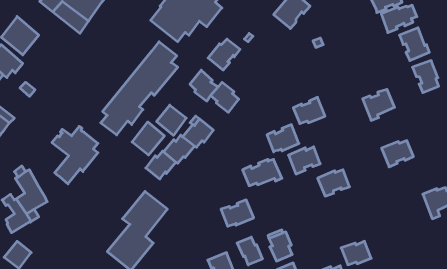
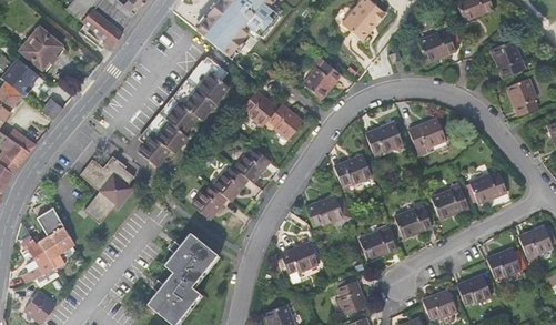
building: [381,5,417,33] -> [418,30,461,62]
building: [208,39,240,70] -> [303,61,341,98]
building: [363,89,395,120] -> [408,118,446,154]
building: [157,105,186,135] -> none
building: [132,122,164,155] -> none
building: [288,147,320,174] -> [358,228,396,261]
building: none -> [431,187,468,219]
building: none -> [486,250,520,276]
building: none -> [456,276,492,303]
building: [237,237,262,265] -> none

